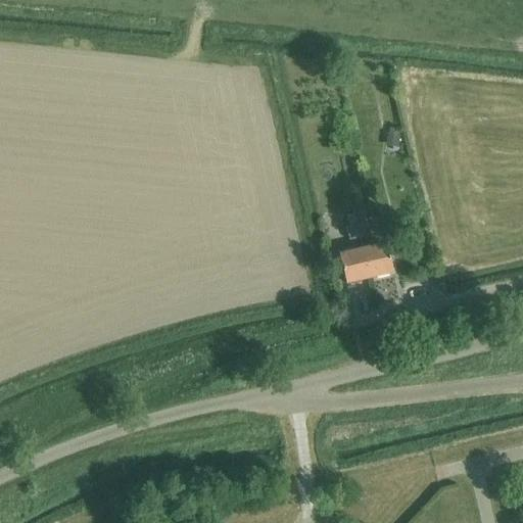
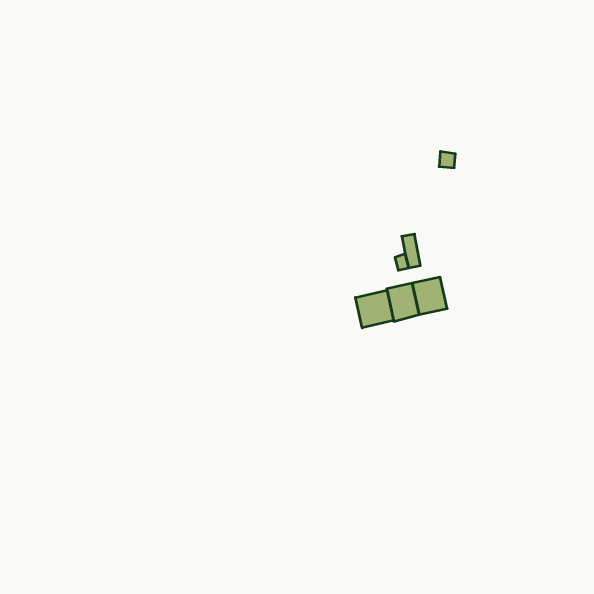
building: none -> [355,290,393,328]

